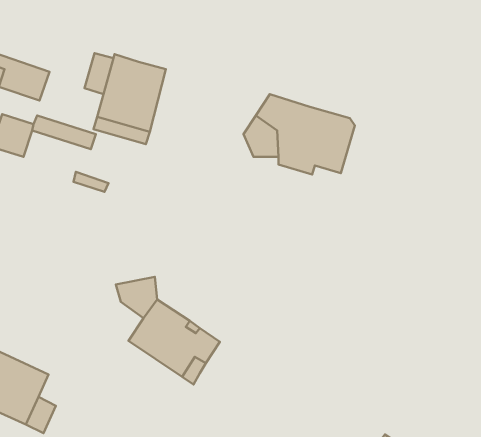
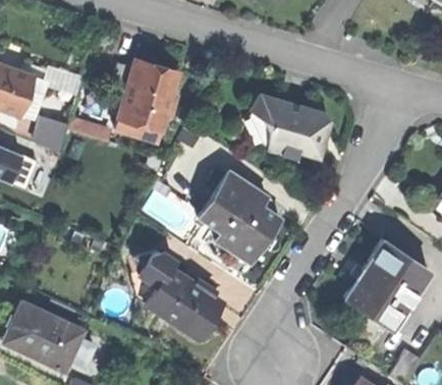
building: none -> [200,172,281,263]
building: none -> [344,242,430,331]

